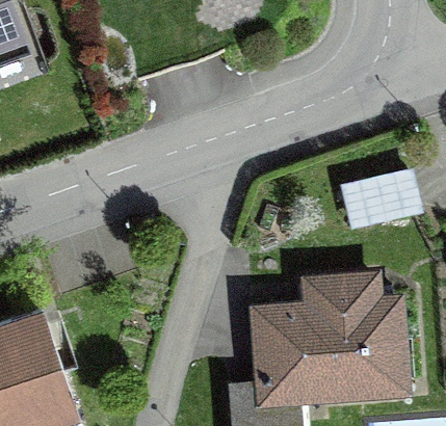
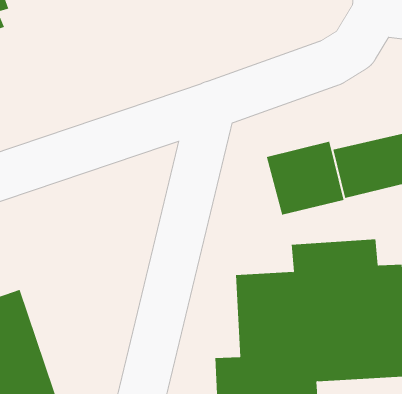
building: none -> [266,141,344,215]

